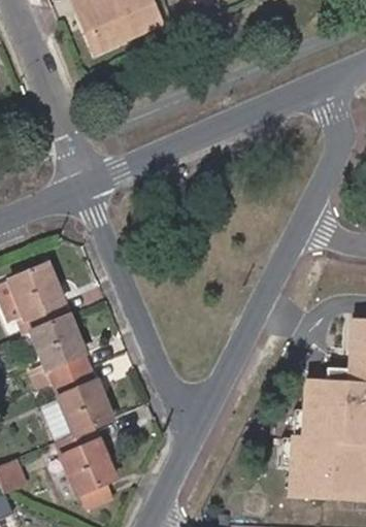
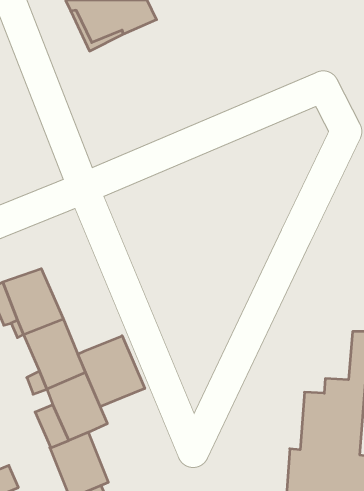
building: none -> [78,336,145,407]

